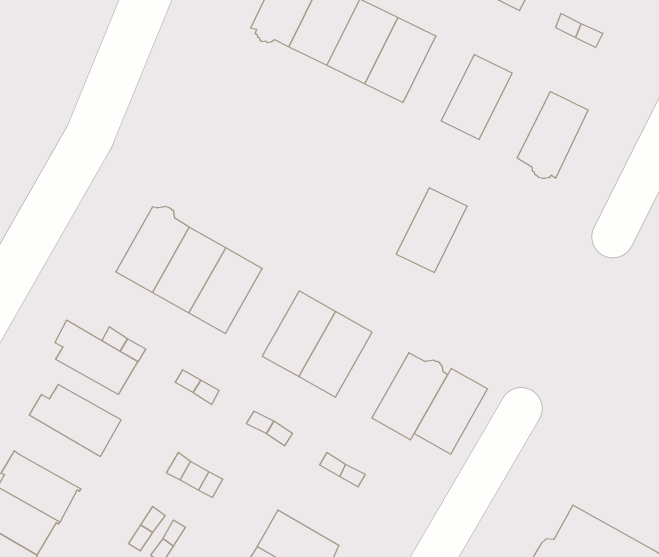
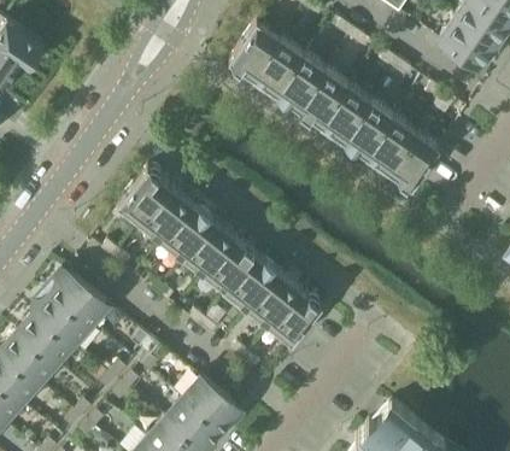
building: none -> [321,86,371,141]
building: [396,188,467,273] -> [367,117,417,172]
building: none -> [183,219,235,276]
building: [55,320,138,394] -> [37,292,90,345]
building: [414,368,488,454] -> [248,271,300,327]

